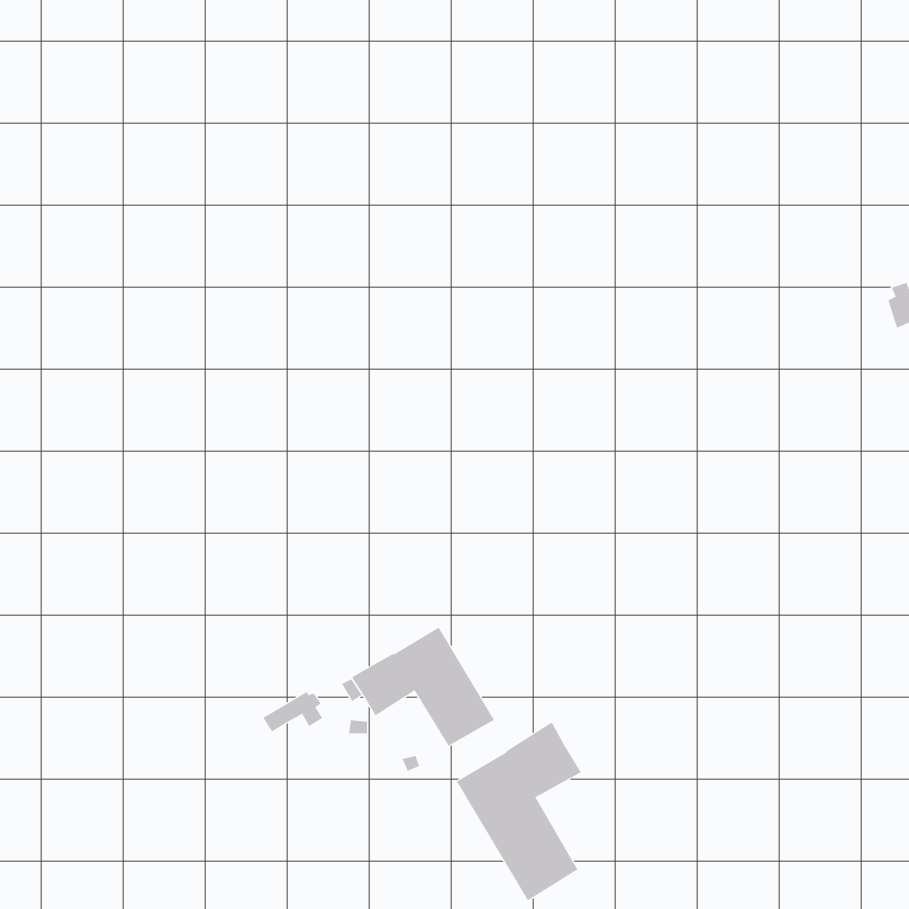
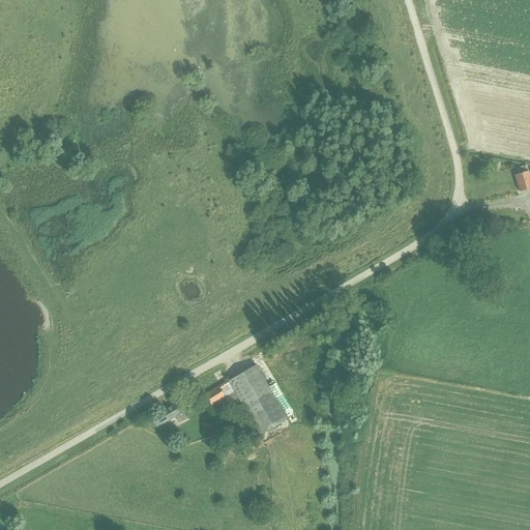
building: [456,722,581,901] -> none

